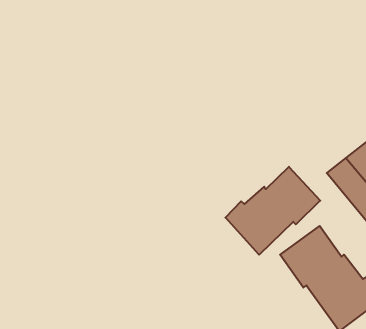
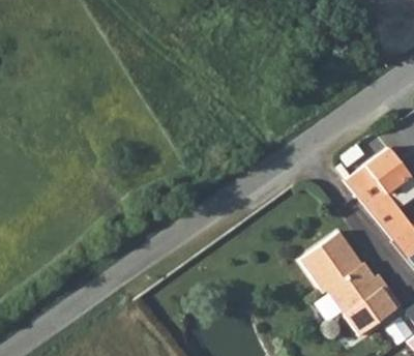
building: [225,167,320,255] -> none

